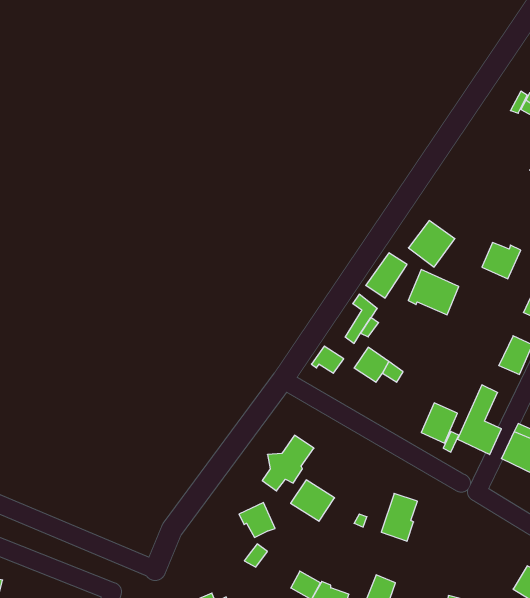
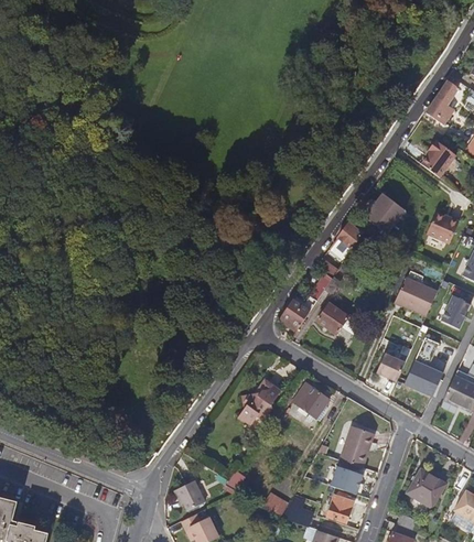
building: none -> [425,80,455,123]
building: none -> [421,140,455,178]
building: [408,270,459,315] -> [394,275,437,314]
building: [291,480,335,521] -> [291,387,328,422]
building: [239,503,275,537] -> [173,479,204,509]
building: none -> [331,467,364,495]
building: none -> [409,473,444,508]

